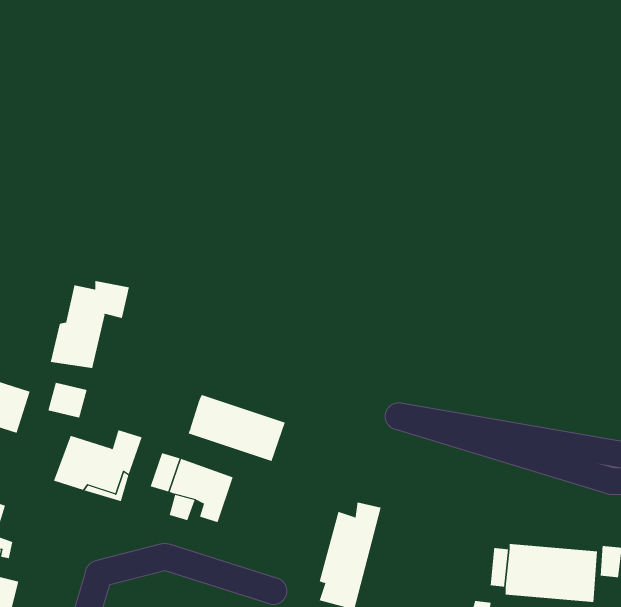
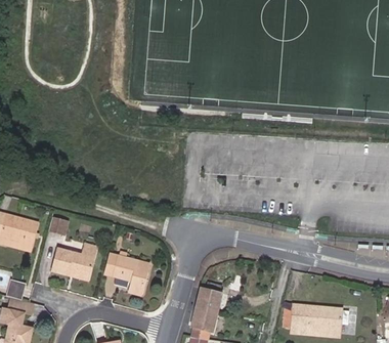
building: [50,280,130,369] -> none
building: [188,394,285,462] -> none

